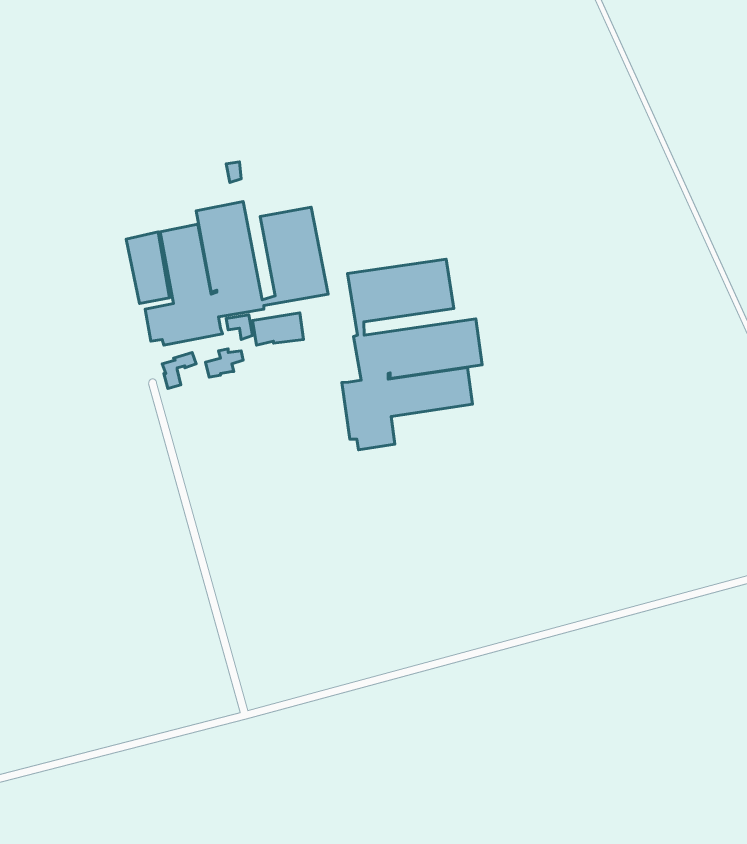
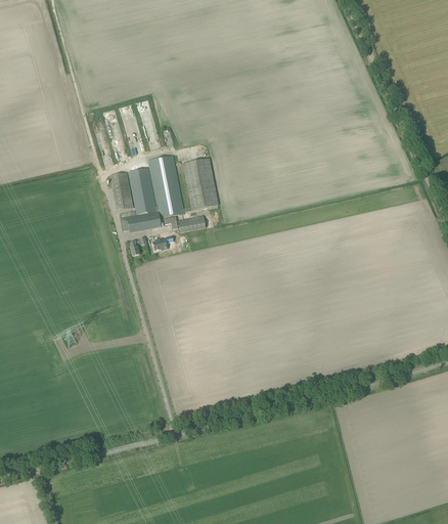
building: [342,259,482,450] -> none

